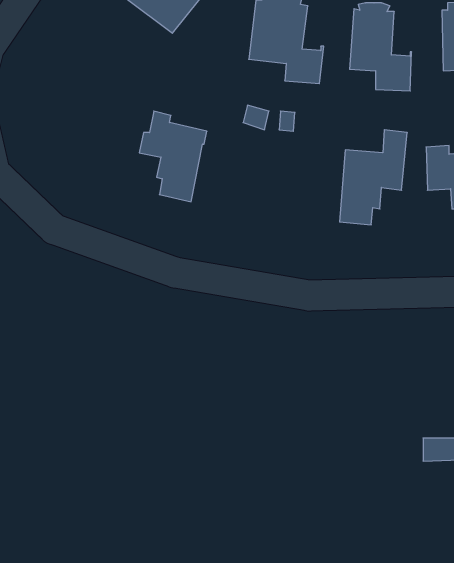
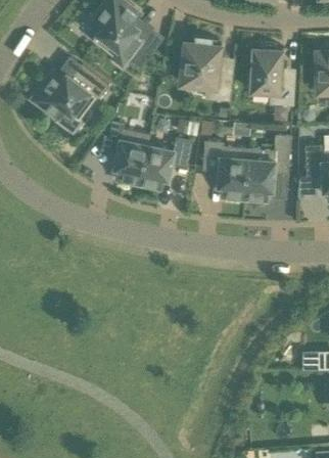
building: none -> [31,65,108,131]
building: none -> [138,138,191,191]
building: none -> [201,142,247,200]

